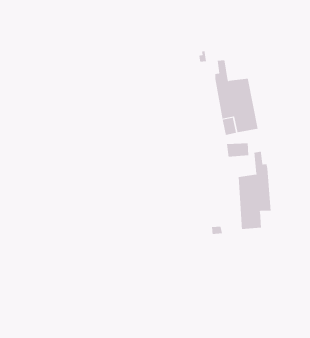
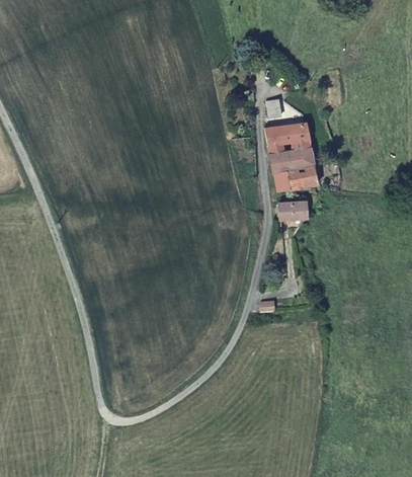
building: [238,151,271,230] -> none

